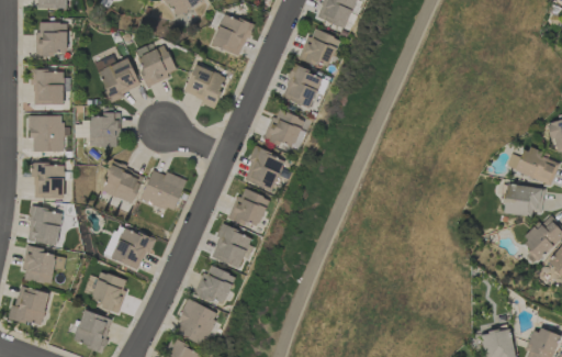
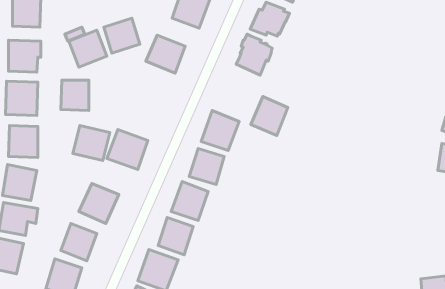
building: [265,108,305,150] -> [251,96,288,136]

